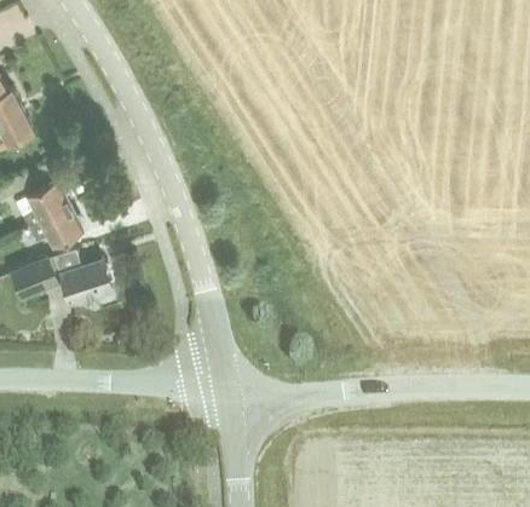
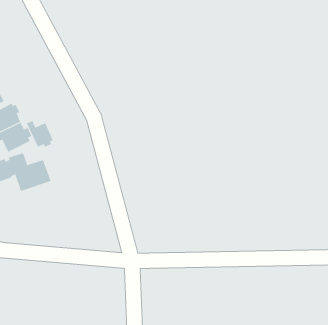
building: none -> [26,120,54,148]

